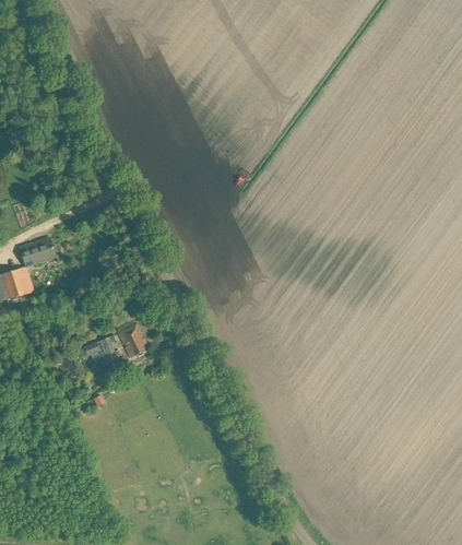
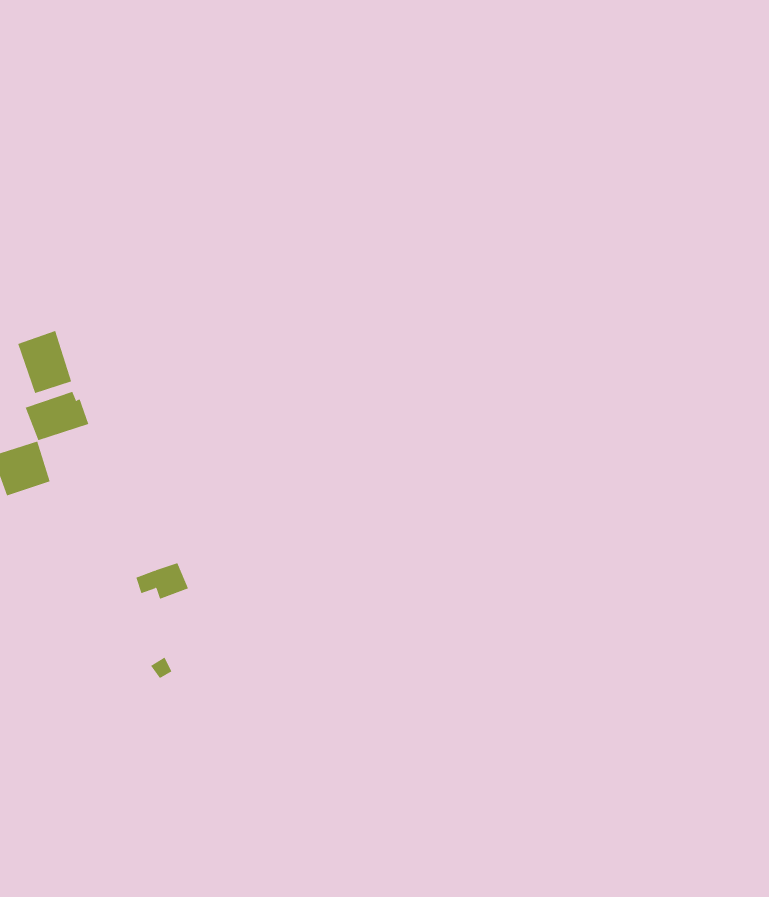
building: none -> [18,330,72,394]
building: [118,324,146,357] -> none

